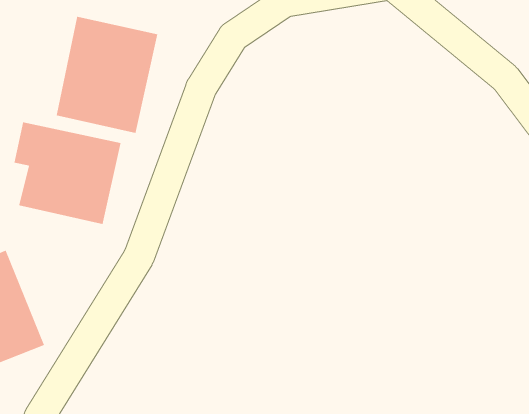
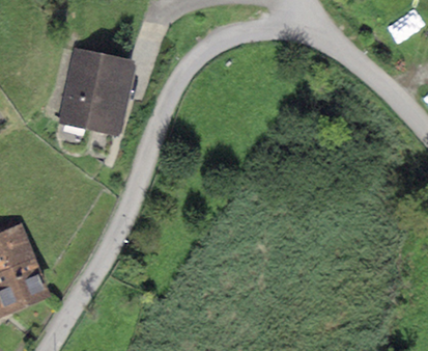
building: [14,122,121,225] -> none

